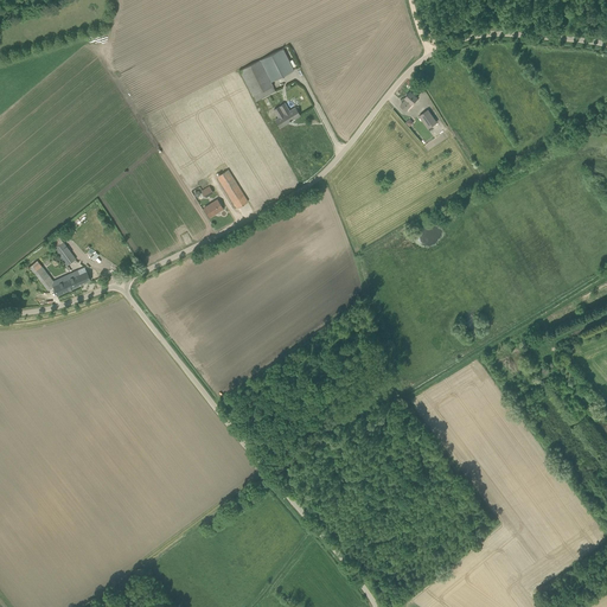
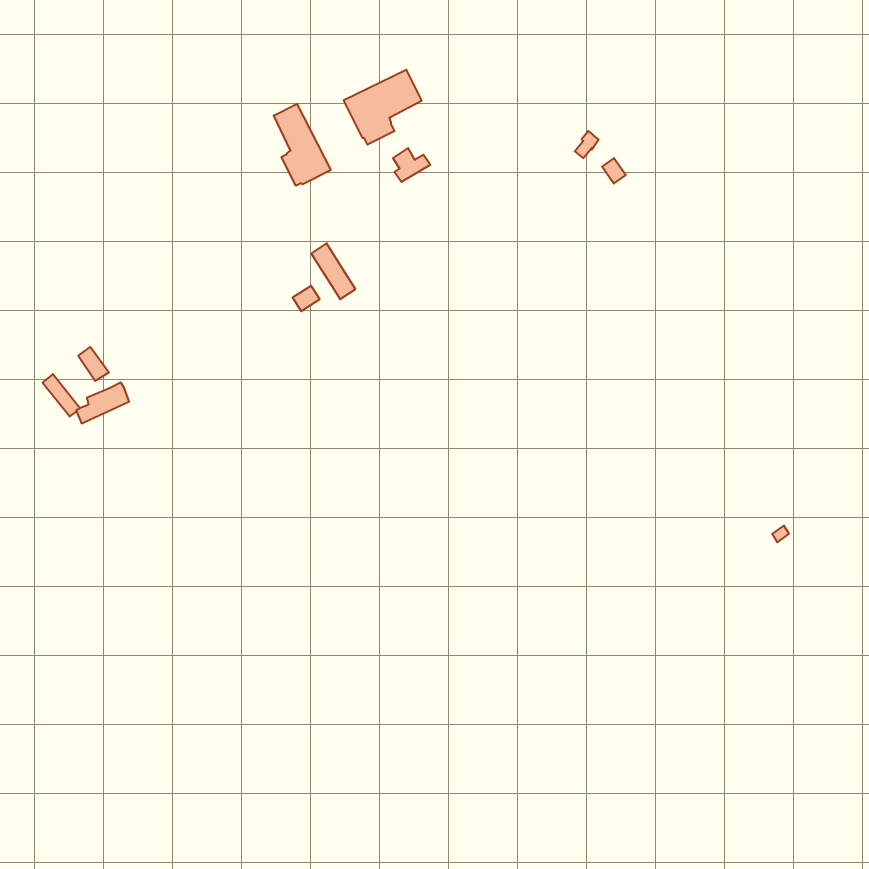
building: none -> [274,104,331,186]

